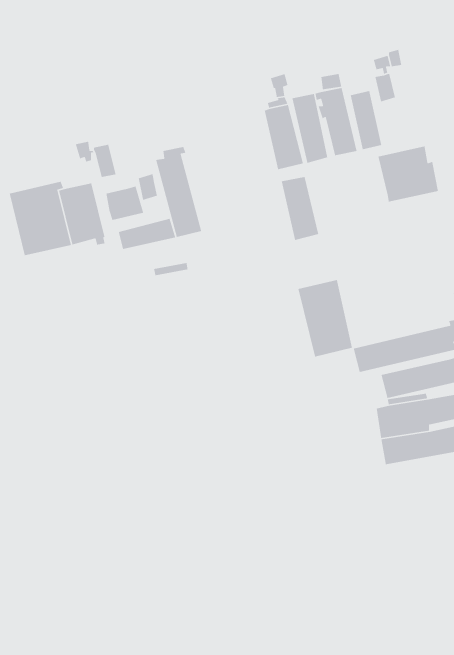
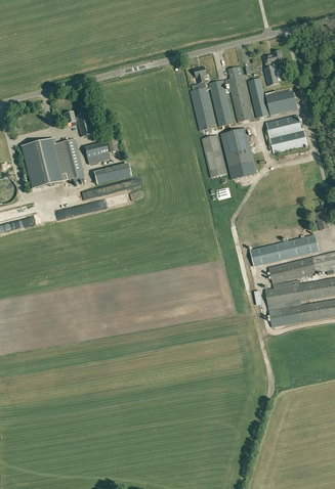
building: none -> [265,86,301,116]
building: [155,146,202,238] -> none
building: [298,279,353,357] -> [220,128,257,180]

